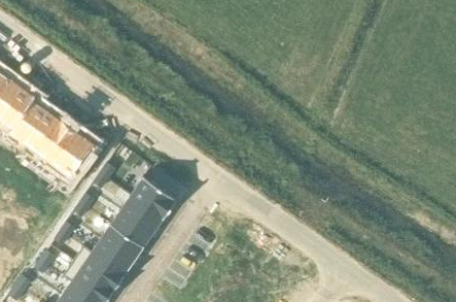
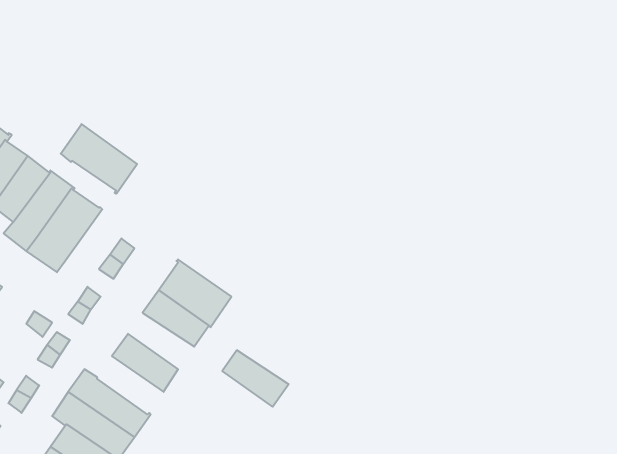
building: none -> [61,124,137,194]
building: [115,206,157,242] -> [222,350,289,407]
building: [96,234,138,271] -> none

